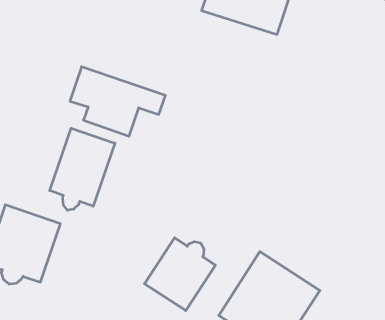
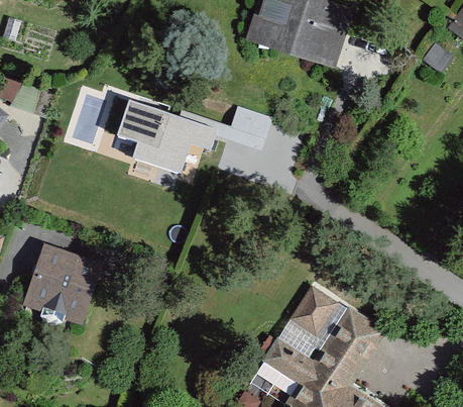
building: [50,128,115,210] -> none
building: [144,238,215,311] -> none

